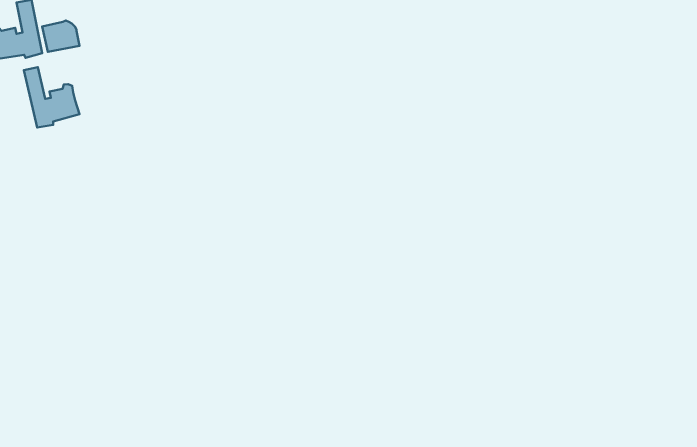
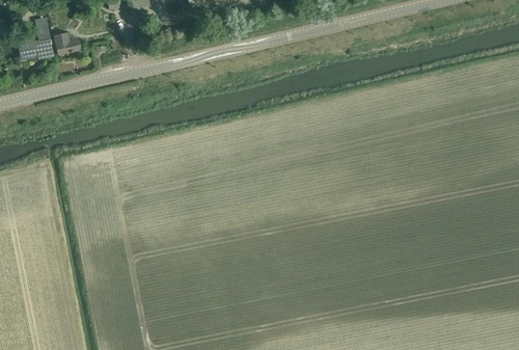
building: [24,67,79,127] -> none

